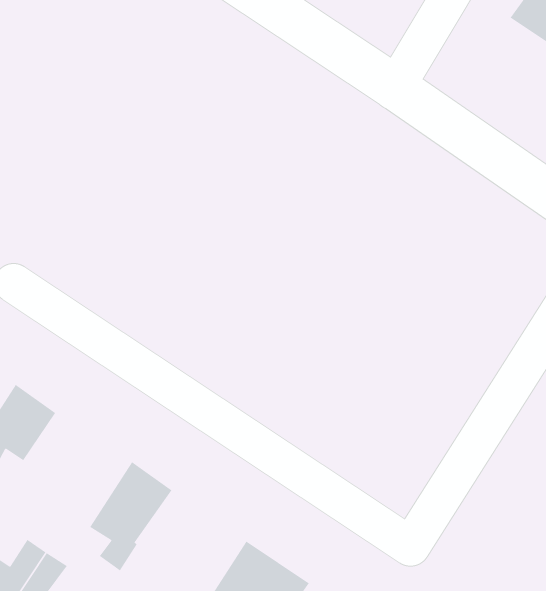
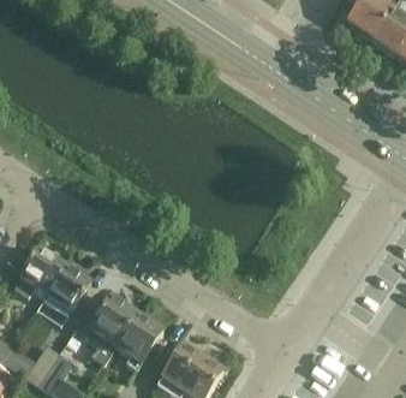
building: none -> [43,263,91,310]
building: none -> [114,311,163,368]

